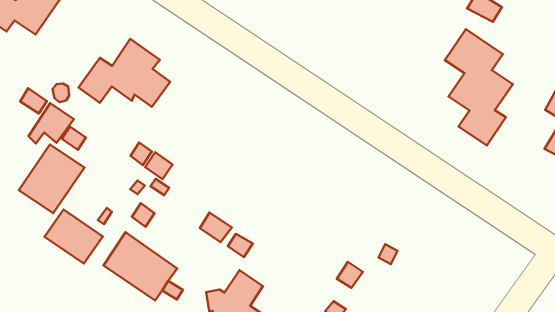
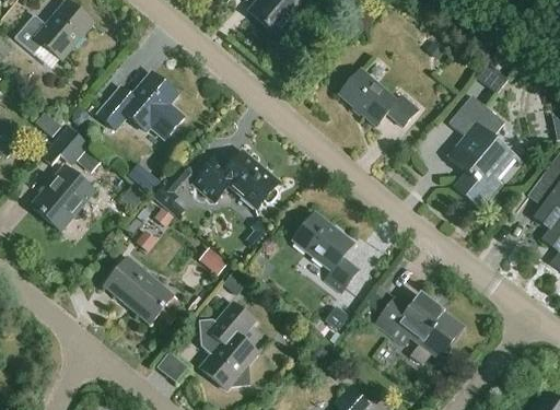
building: none -> [339,69,418,126]
building: none -> [192,151,279,209]
building: none -> [292,212,359,291]
building: [45,210,103,264] -> none
building: none -> [377,295,462,358]

